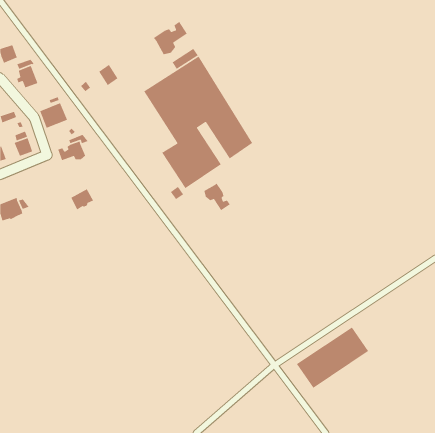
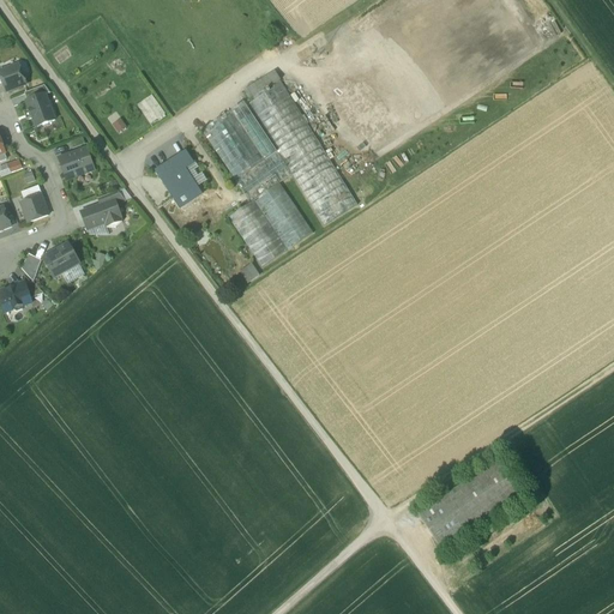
building: [153,21,188,55] -> none
building: none -> [157,150,200,203]
building: [203,182,231,211] -> none
building: [70,188,94,210] -> [43,243,77,275]

